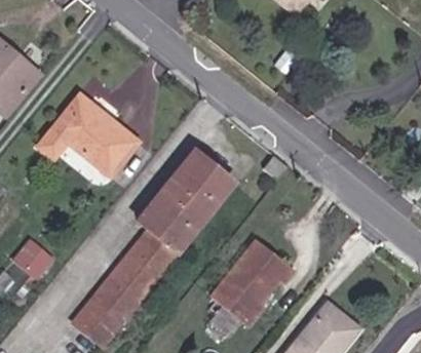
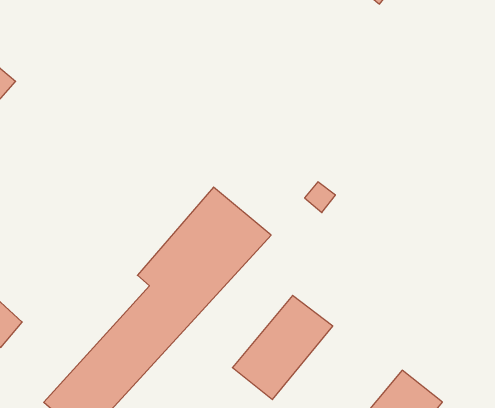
building: [38,97,140,189] -> none

